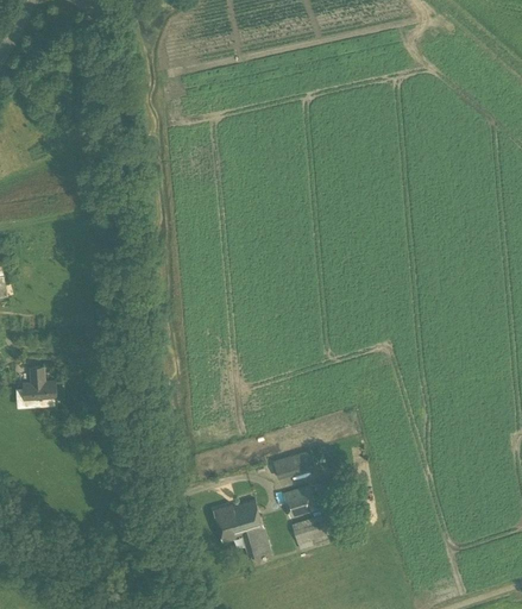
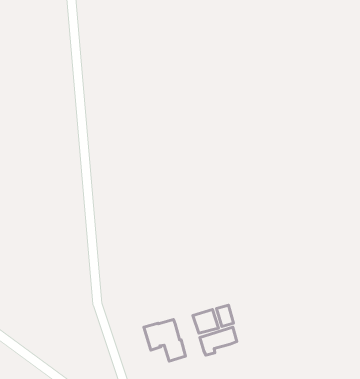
building: [23,365,55,398] -> none
building: [272,448,315,478] -> none

